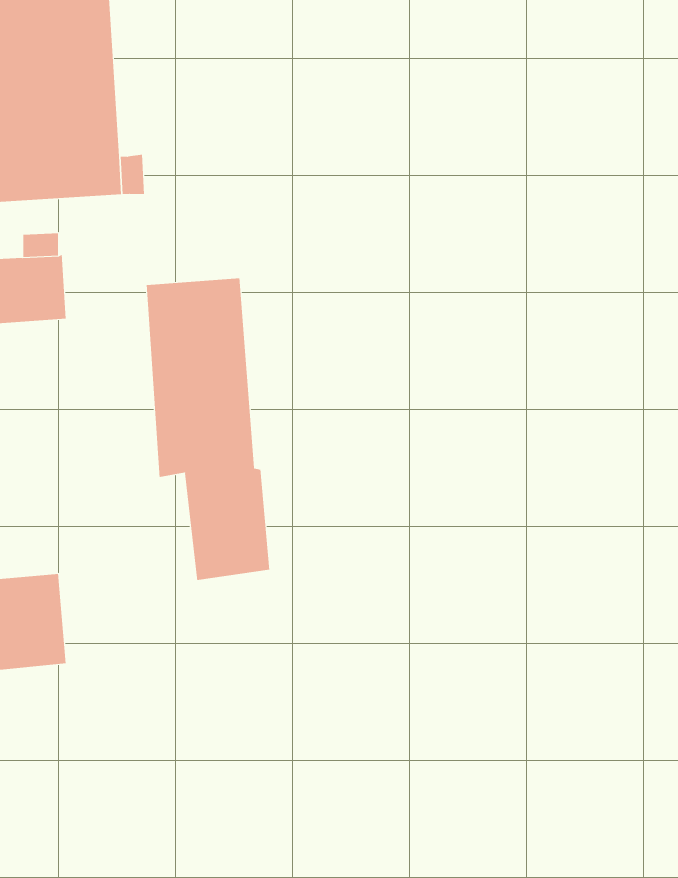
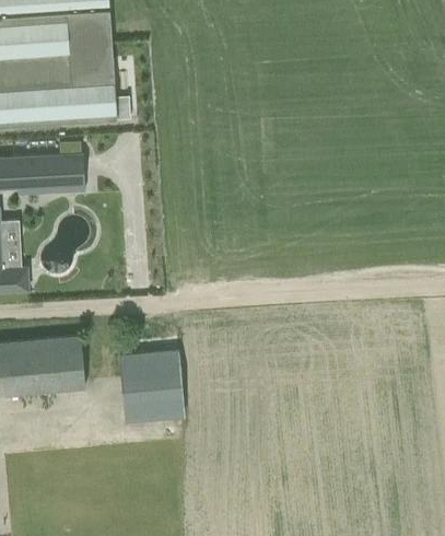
building: [146,277,270,581] -> none
building: none -> [119,349,185,419]

